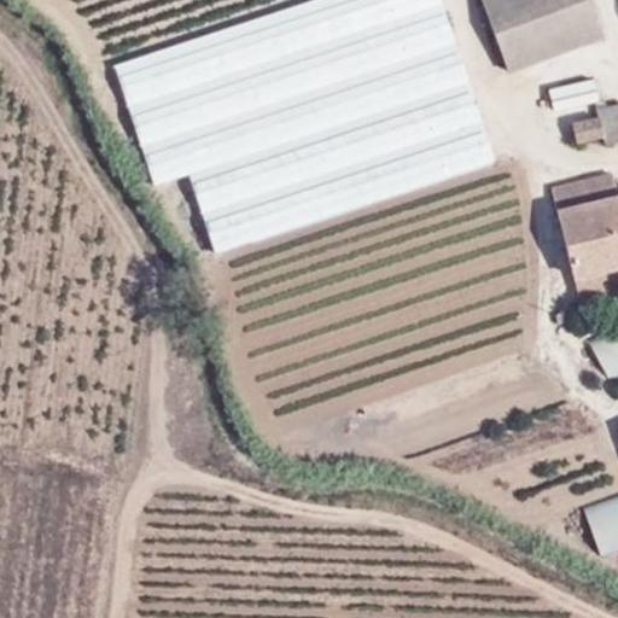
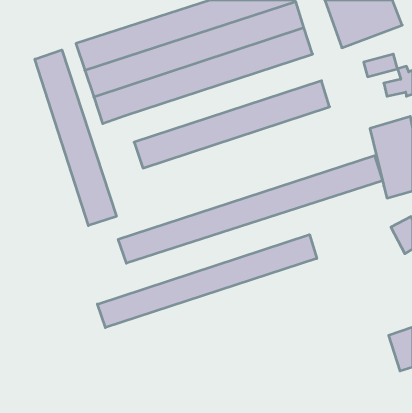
building: none -> [35,50,116,226]
building: [188,81,482,212] -> none
building: none -> [118,156,383,263]
building: none -> [97,235,317,328]

